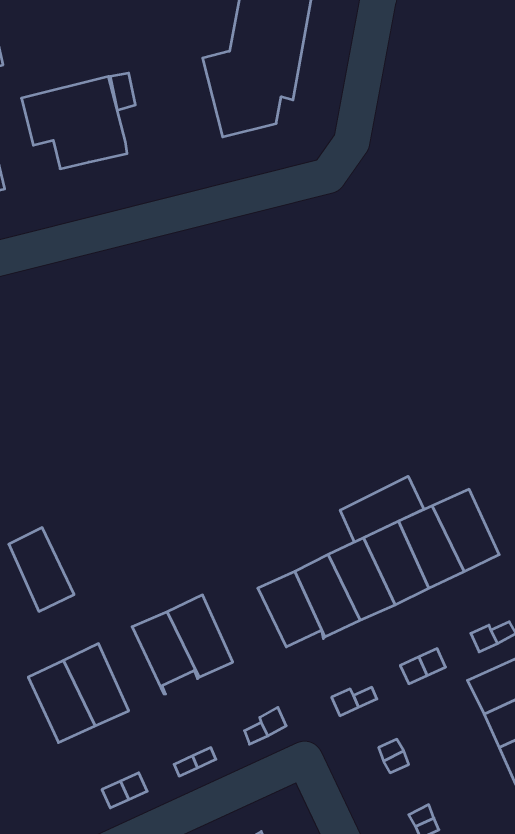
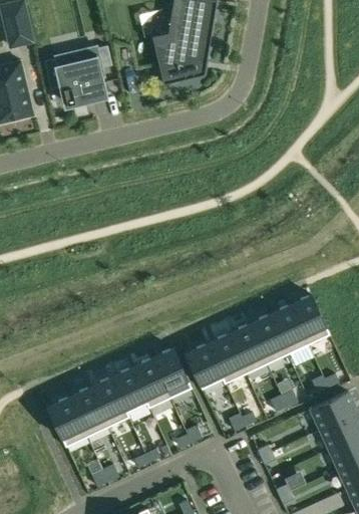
building: [340,476,424,542] -> none
building: [9,528,74,611] -> [89,376,128,427]
building: none -> [151,347,192,398]

